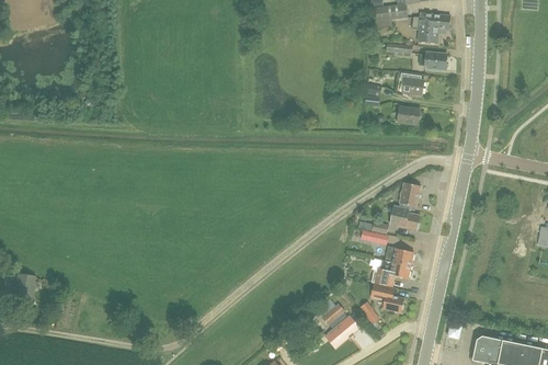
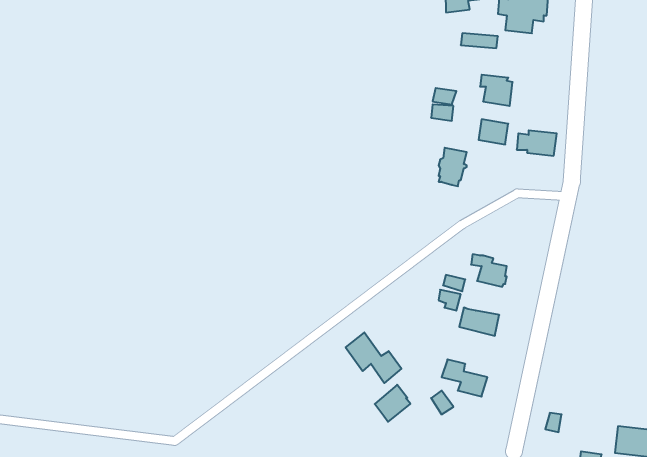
building: [418,52,447,70] -> [517,130,557,156]
building: [399,182,420,210] -> [439,148,467,186]
building: [375,260,410,287] -> none
building: none -> [346,332,401,383]

